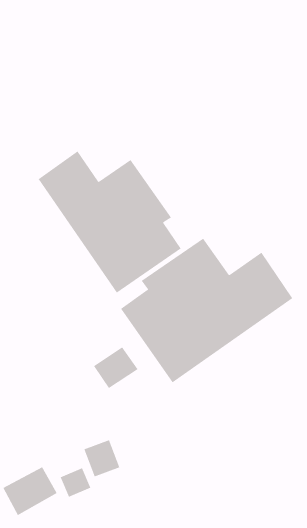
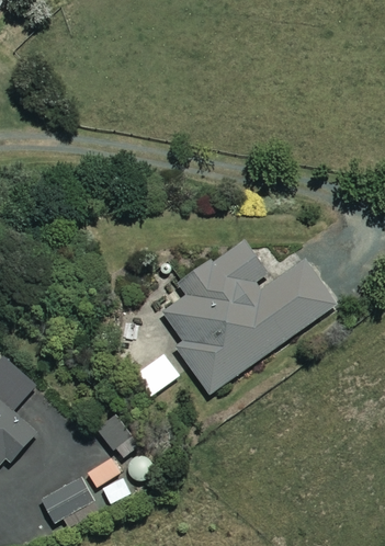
building: [38,151,181,294] -> none

